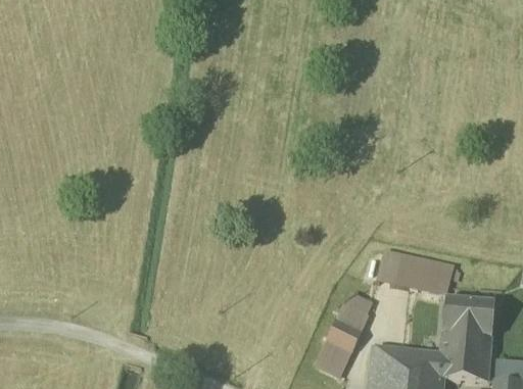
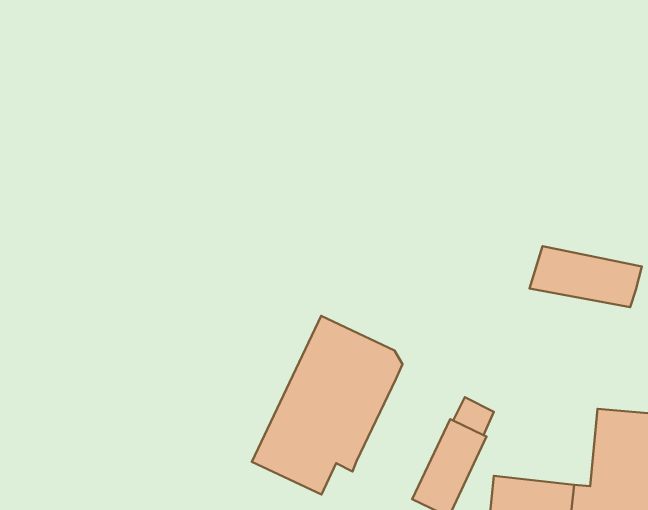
building: none -> [252,316,403,494]
building: [376,250,455,293] -> [529,246,642,307]

